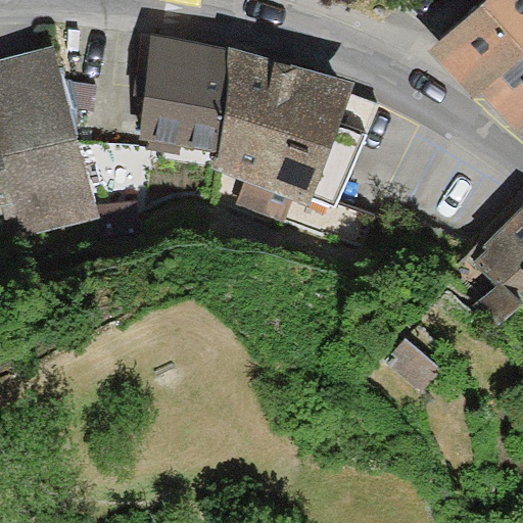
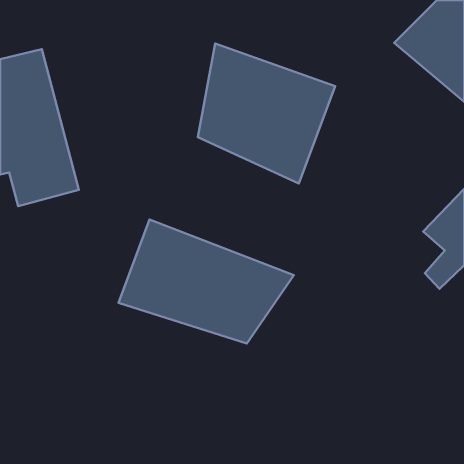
building: [135,36,242,154] -> none
building: none -> [118,220,294,343]

